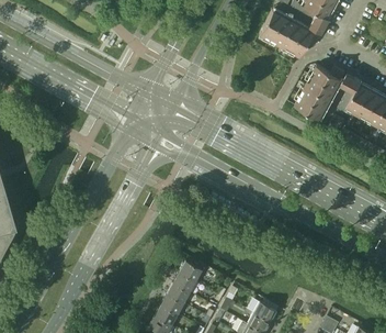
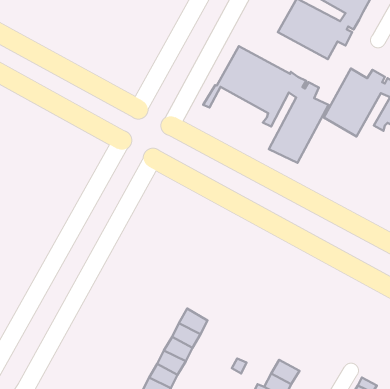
building: none -> [203,46,328,163]

